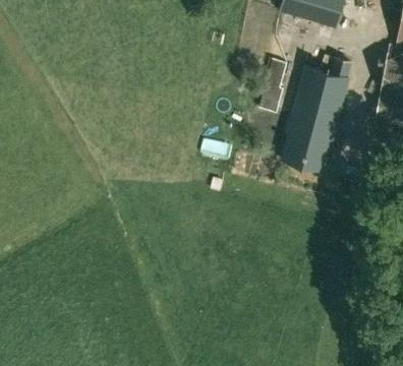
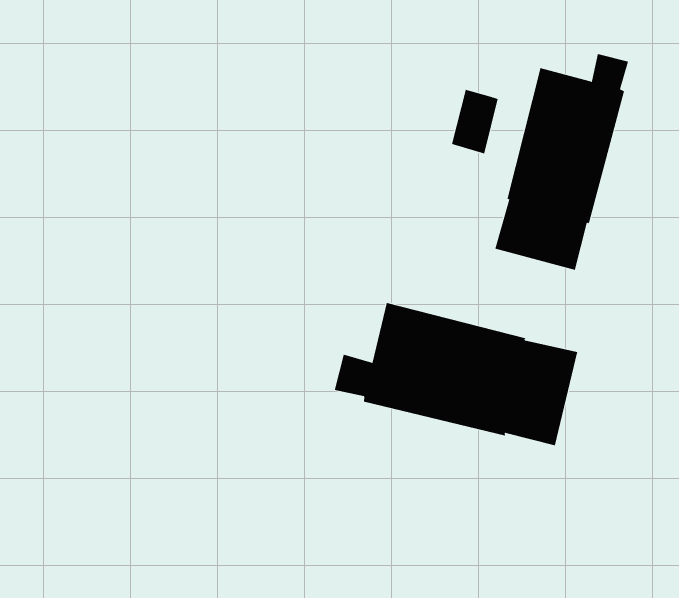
building: none -> [334,302,578,446]

